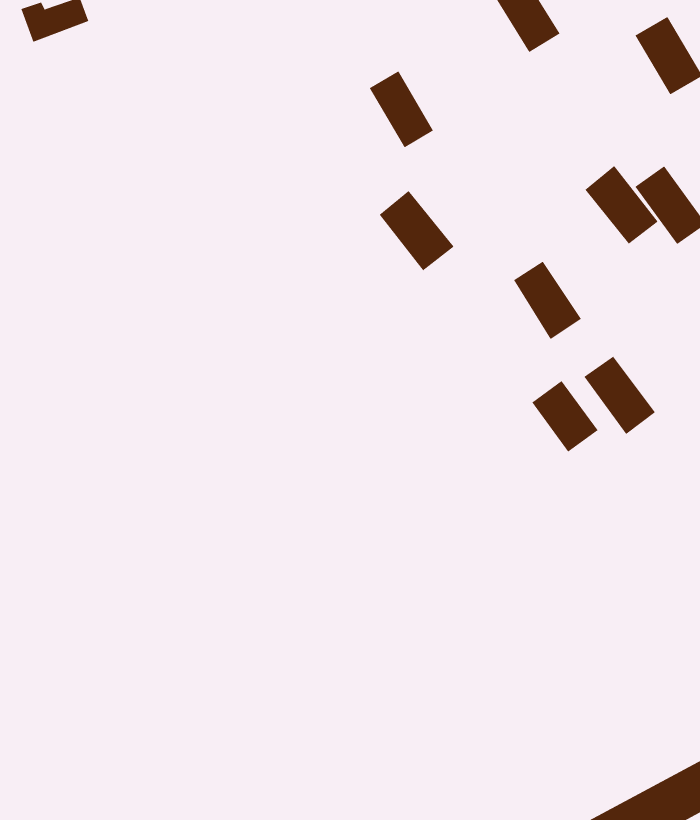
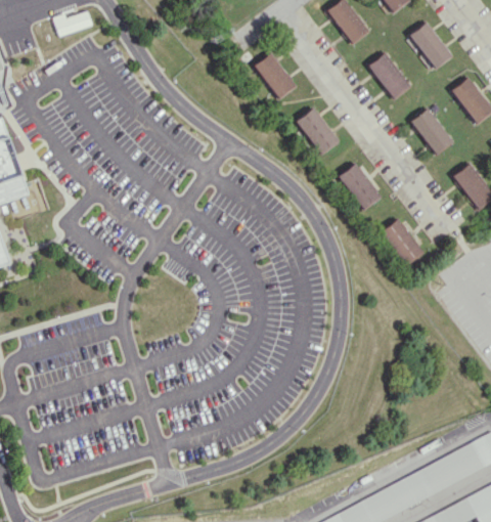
building: [585,165,658,244] -> [368,52,411,98]
building: [379,190,455,271] -> [296,107,340,155]
building: [531,380,598,453] -> none

